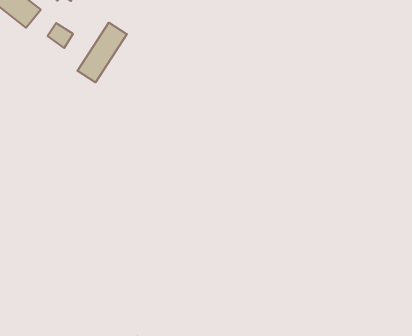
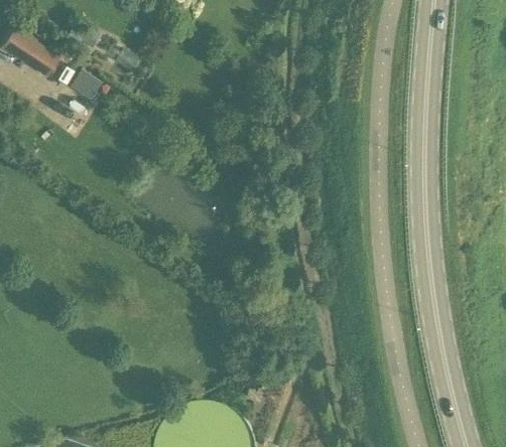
building: [77,23,127,82] -> none

